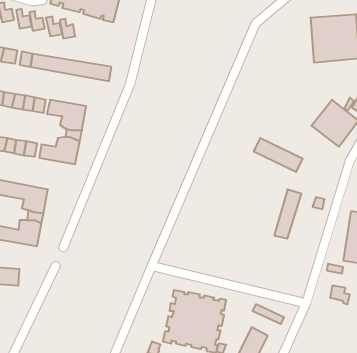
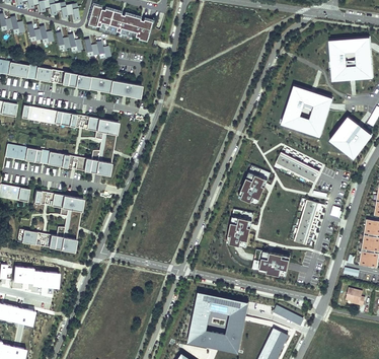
building: none -> [280,84,332,137]
building: none -> [240,174,264,202]
building: none -> [227,218,250,246]
building: none -> [259,253,289,276]

